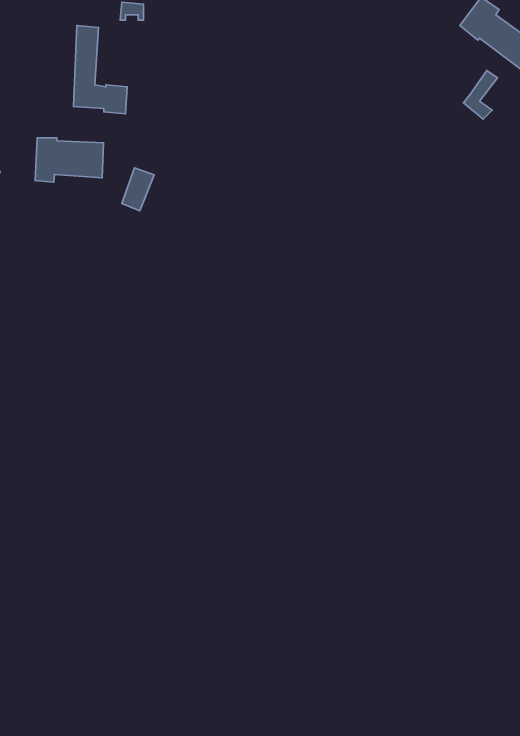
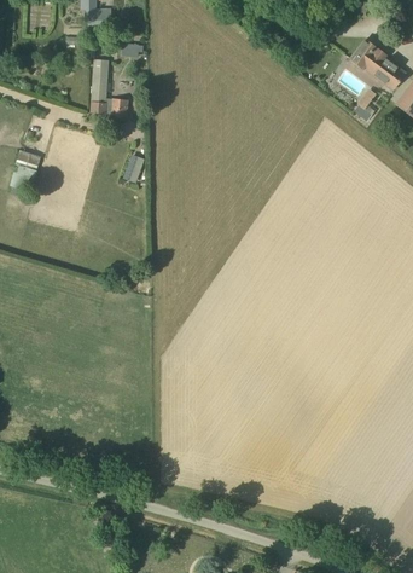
building: [35,138,103,182] -> none

